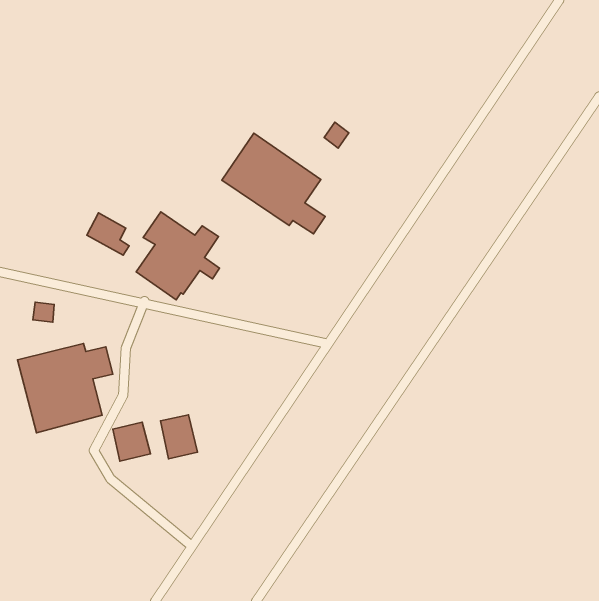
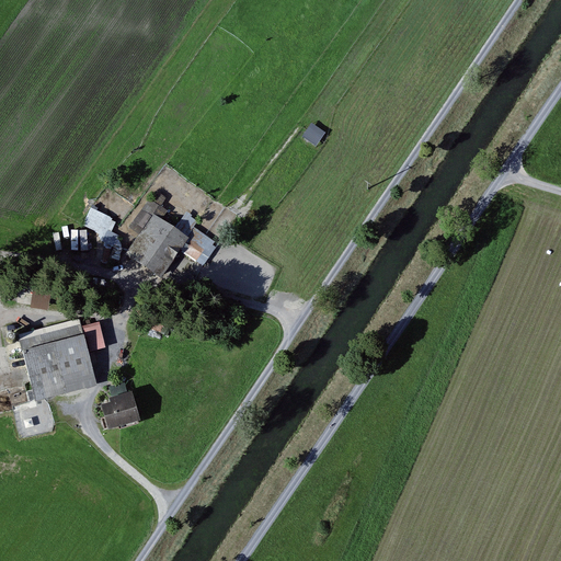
building: [222,133,325,234] -> none
building: [161,415,197,459] -> none

